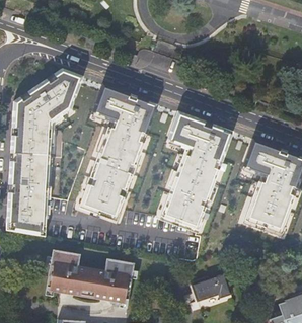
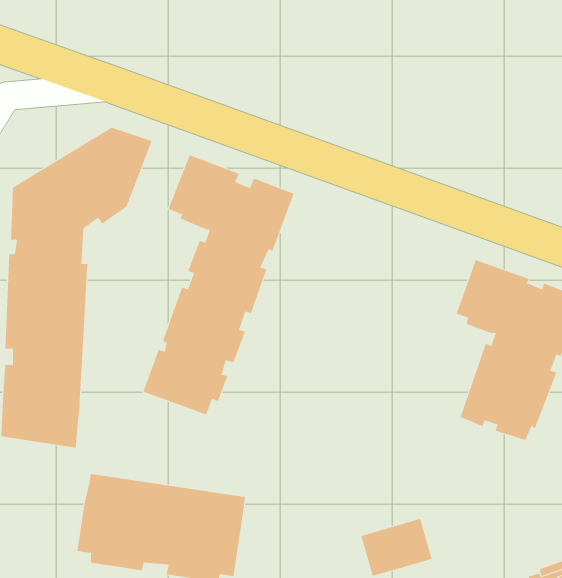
building: [160,110,233,229] -> none

